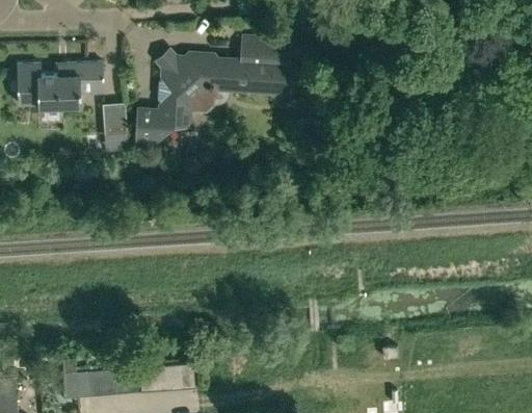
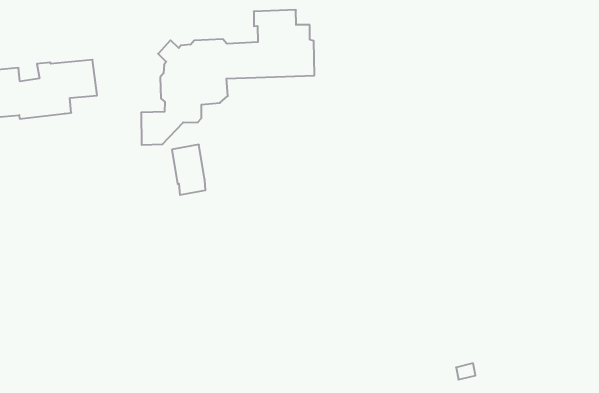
building: [103,103,128,144] -> [172,145,206,195]

